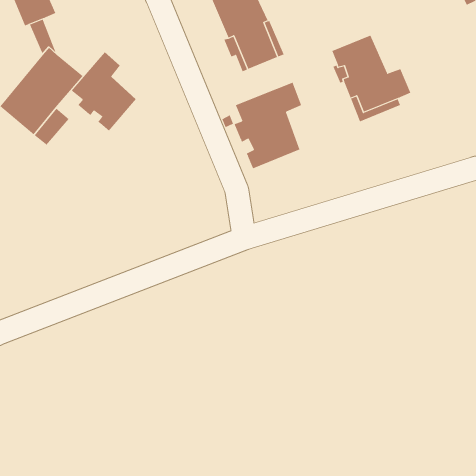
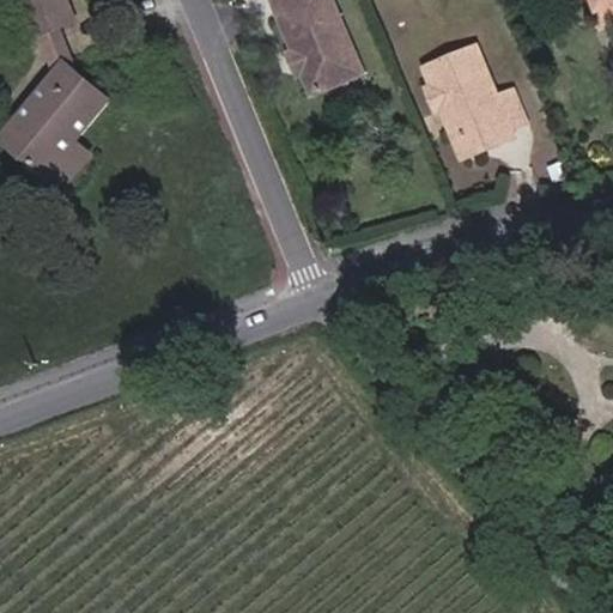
building: [71,52,136,131] -> none
building: [234,82,302,169] -> none

